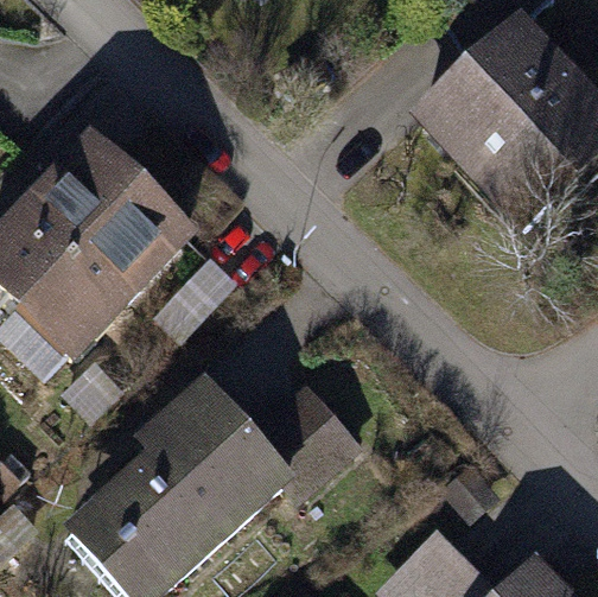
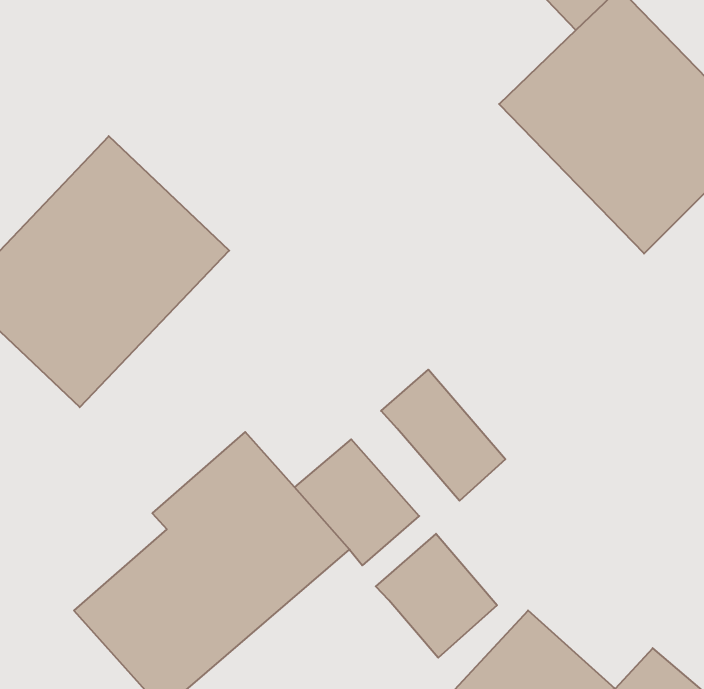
building: none -> [381,370,505,501]
building: none -> [376,534,497,658]

